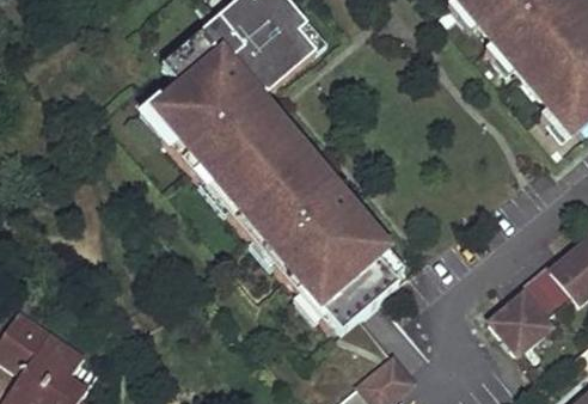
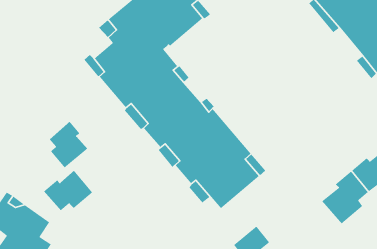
building: none -> [49,121,88,169]
building: none -> [43,170,93,211]

